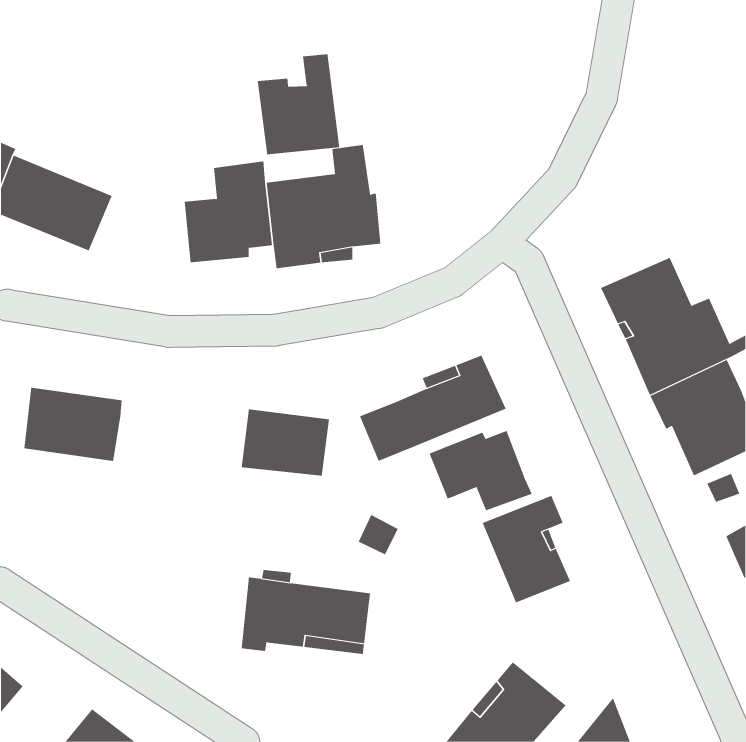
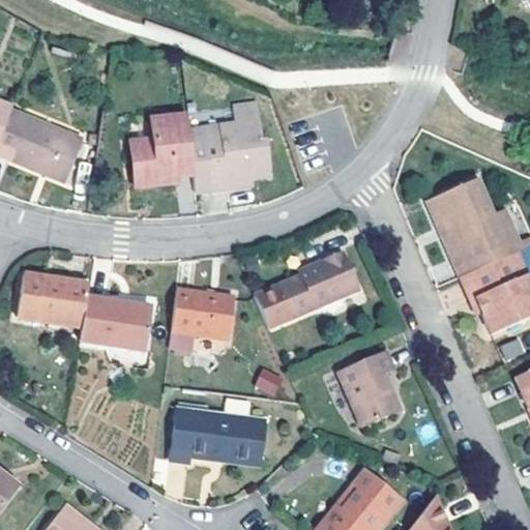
building: [257,53,340,155] -> none
building: none -> [79,295,150,350]
building: [429,430,532,511] -> none

